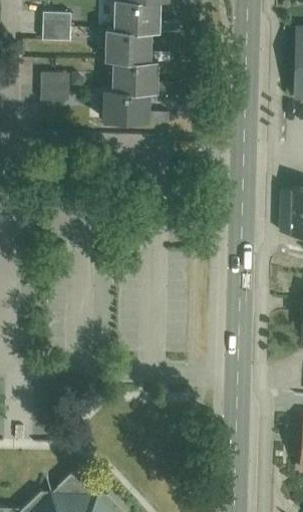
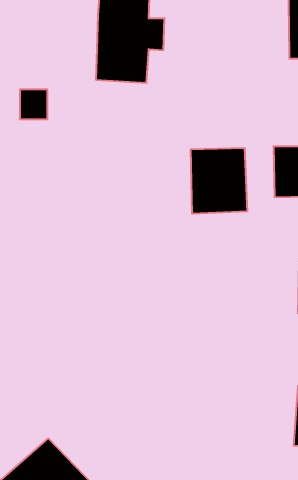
building: [42,74,68,102] -> [20,90,47,119]
building: none -> [191,148,247,214]

